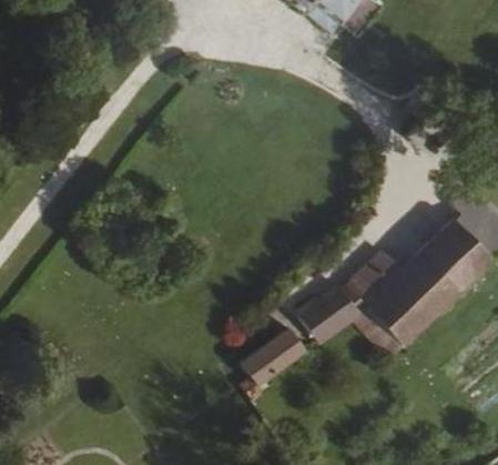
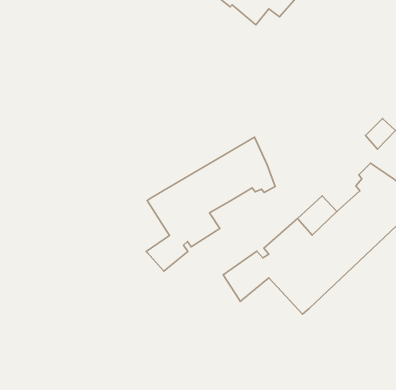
building: none -> [146,137,275,271]
building: [240,326,305,387] -> none

